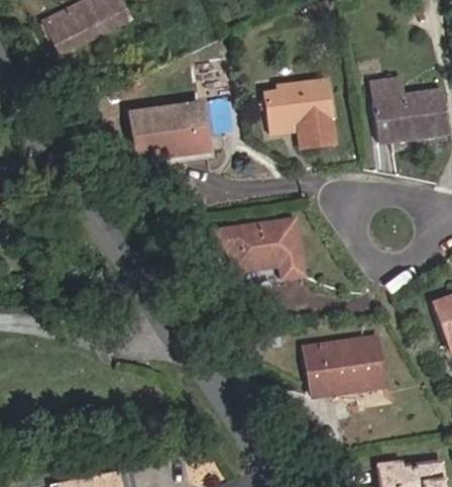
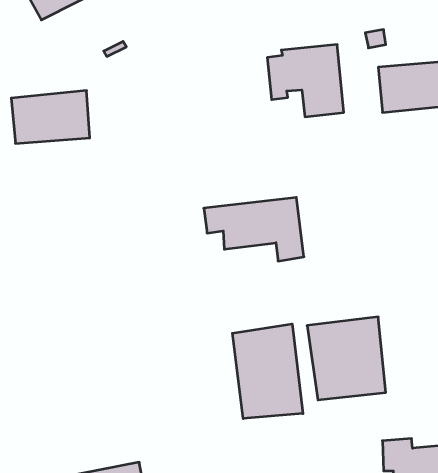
building: [127,107,201,157] -> [11,91,90,143]
building: none -> [232,324,303,419]

